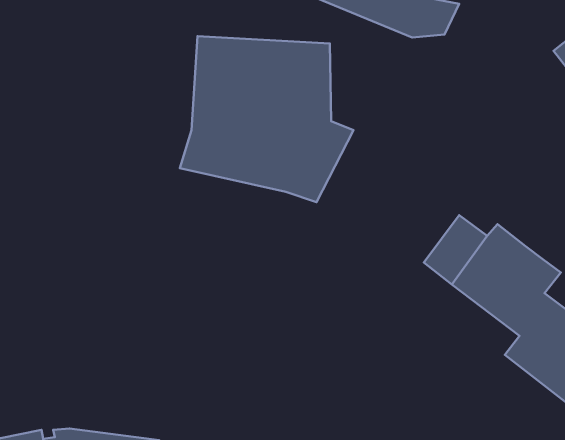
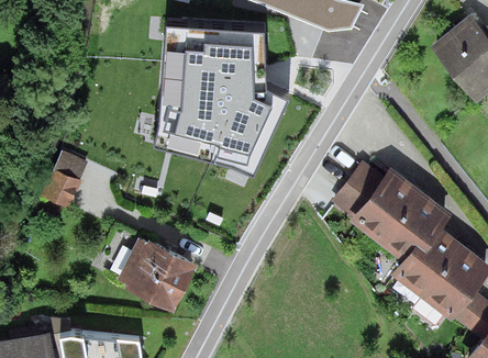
building: none -> [41,149,88,205]
building: none -> [114,233,199,309]

